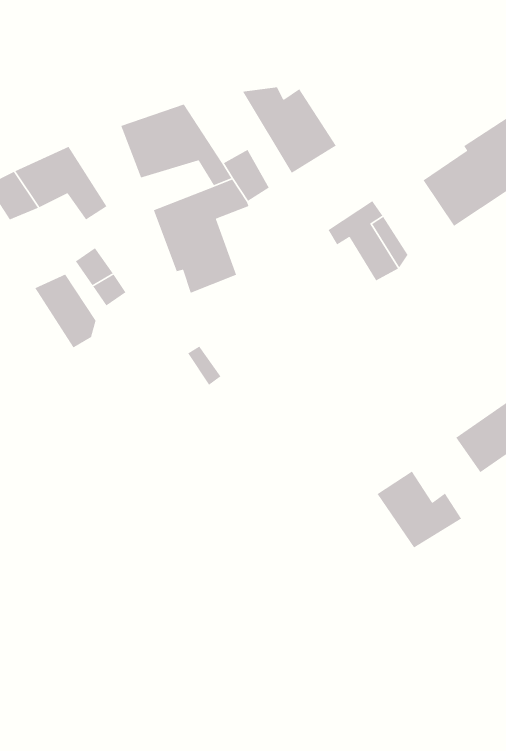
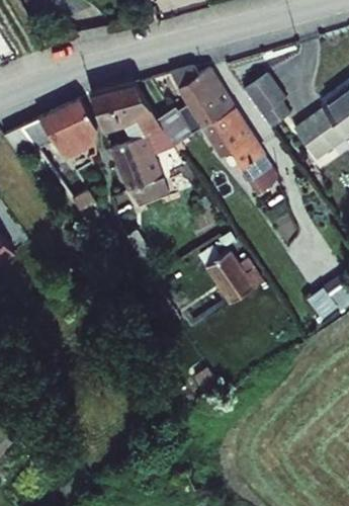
building: none -> [240,70,288,128]
building: none -> [204,108,257,163]
building: [34,274,97,349] -> [60,99,100,148]
building: [376,471,462,549] -> [209,252,265,303]

